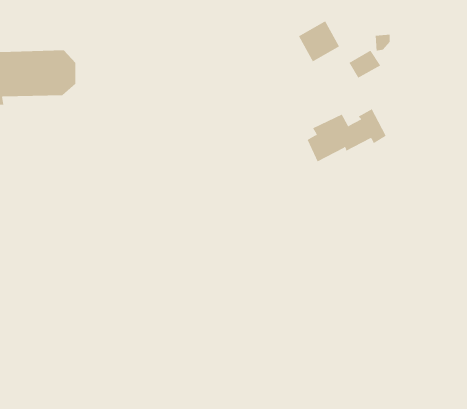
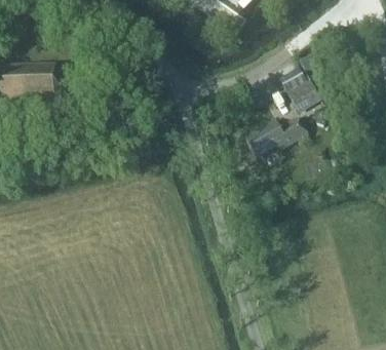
building: [298,20,340,62] -> [288,76,321,109]

